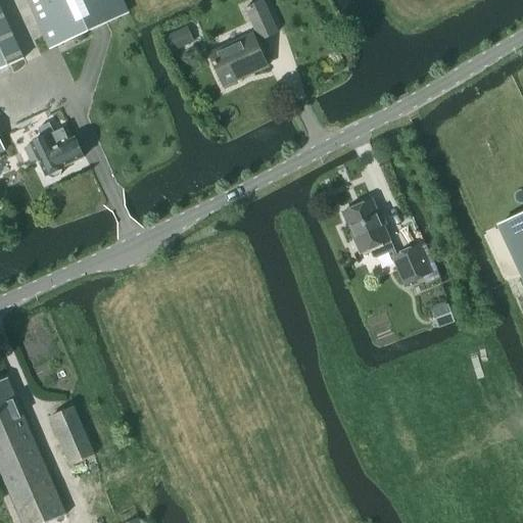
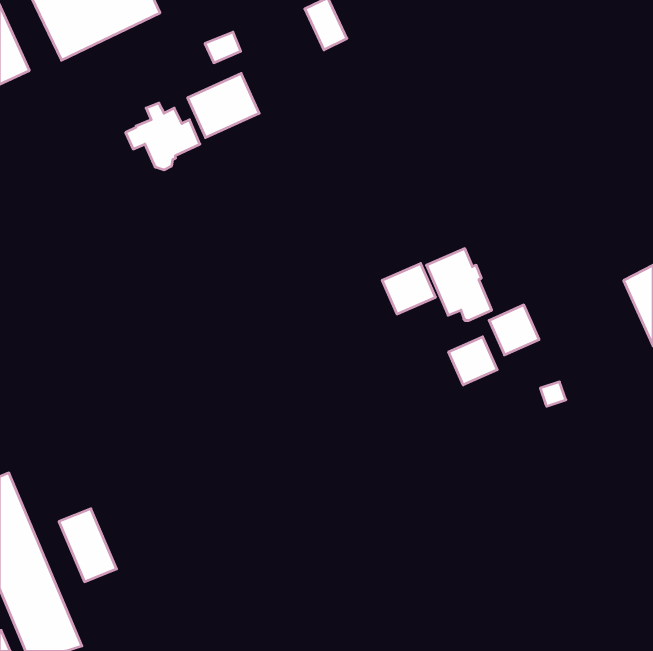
building: [207,33,265,84] -> [188,73,259,138]
building: [23,123,83,176] -> [126,103,200,170]
building: none -> [382,263,435,314]
building: none -> [449,337,497,385]

